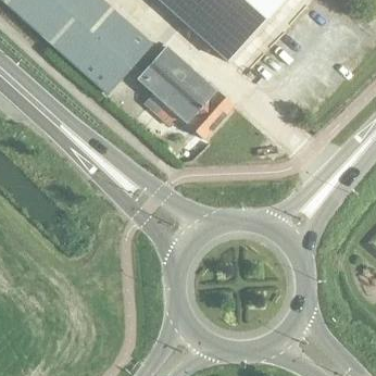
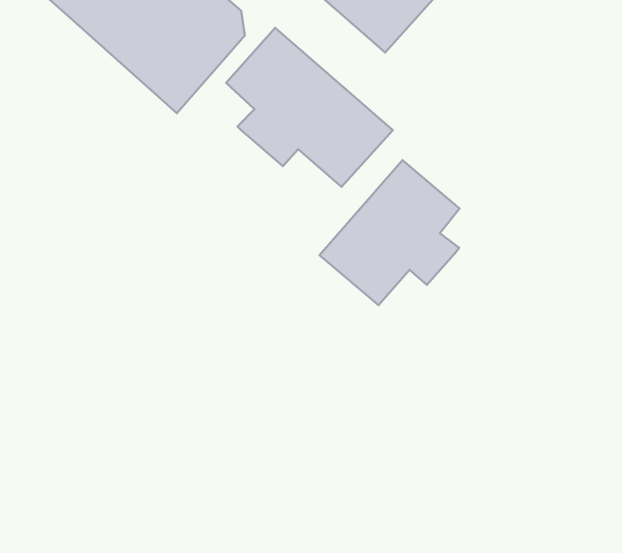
building: none -> [320,160,459,305]

